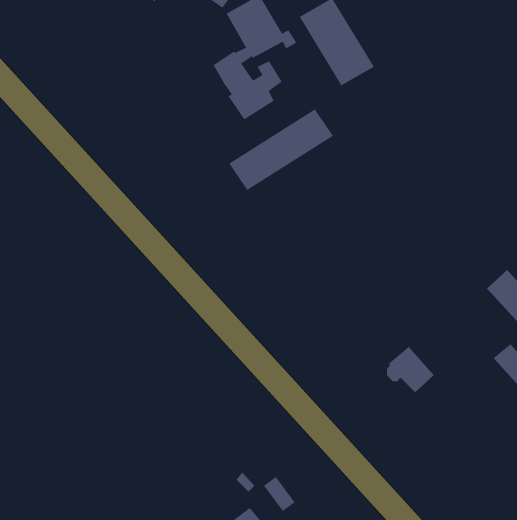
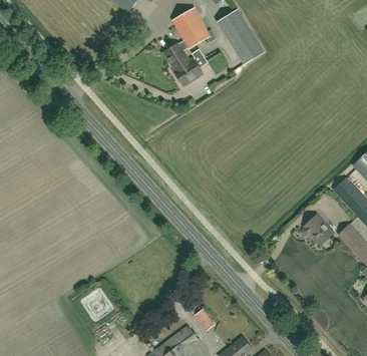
building: [228,108,334,191] -> none
building: [386,346,435,393] -> [302,214,332,243]

